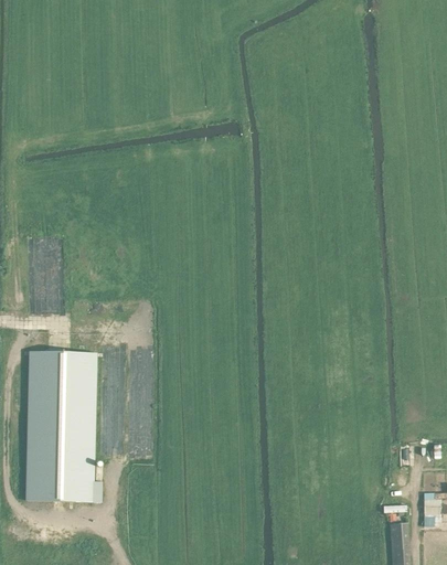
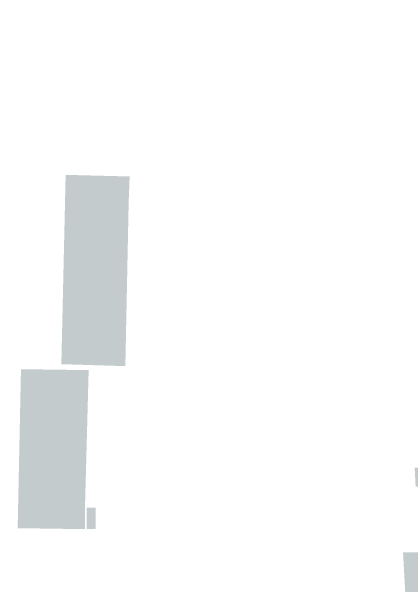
building: none -> [61,174,130,367]

